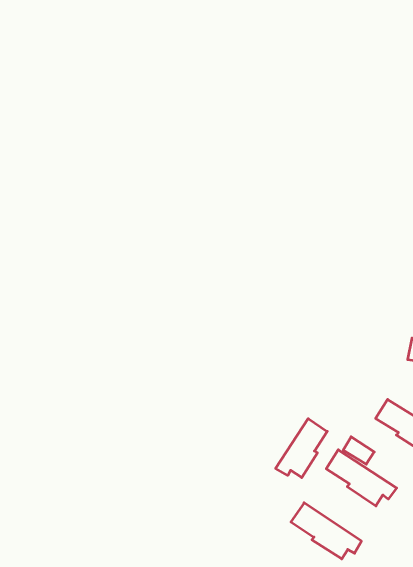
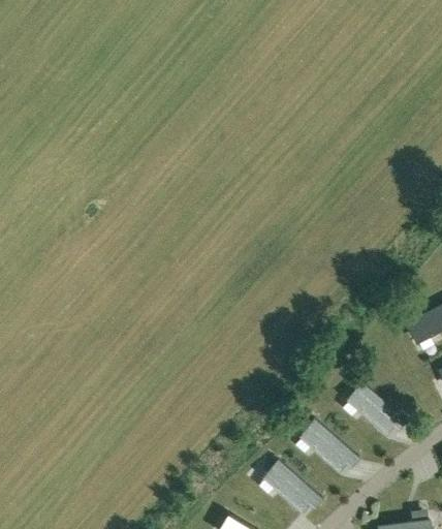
building: [276,419,327,478] -> none

